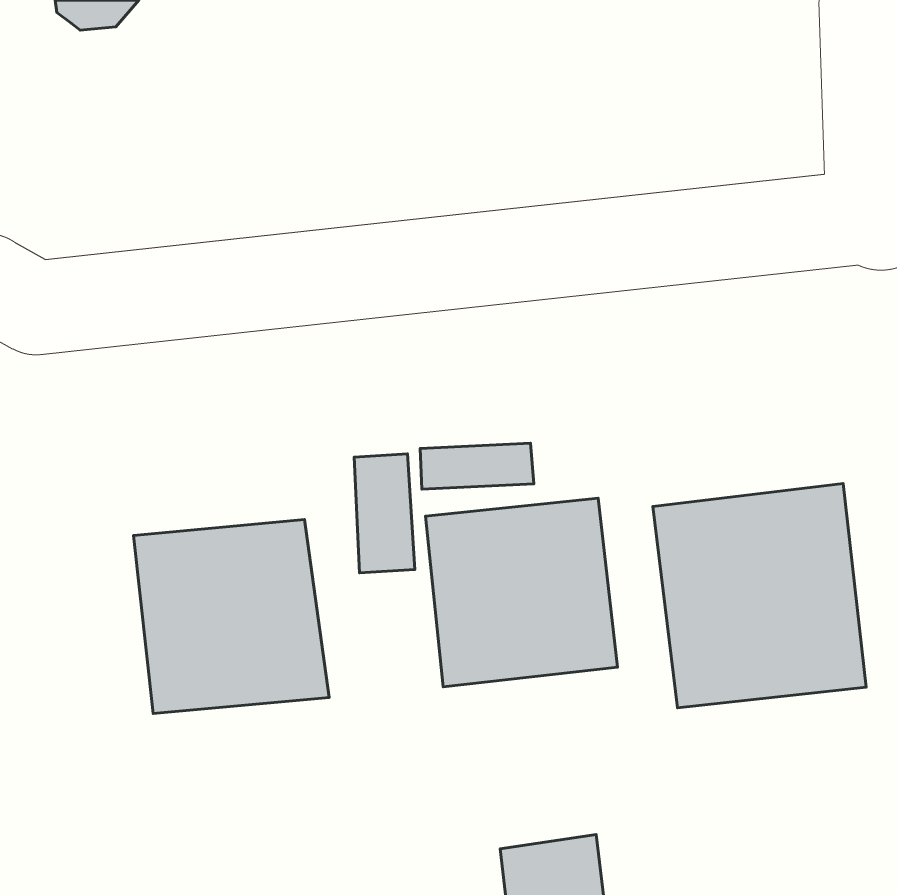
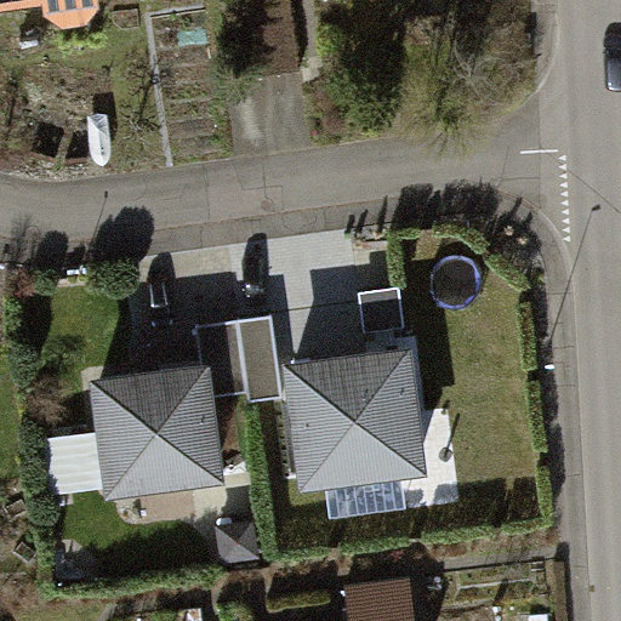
building: [653,484,866,708] -> none

